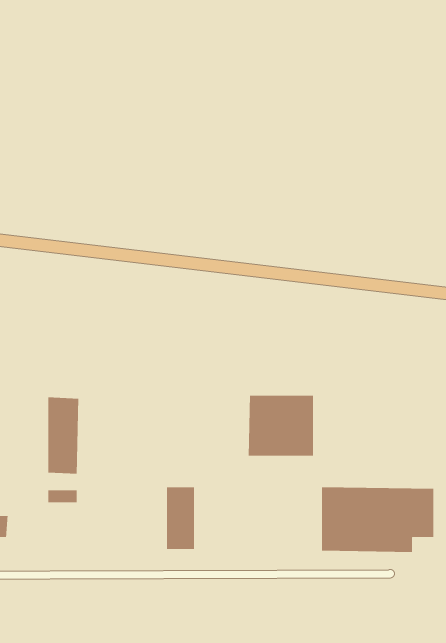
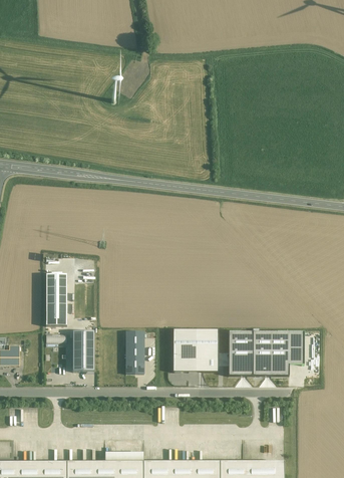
building: [248,395,314,457] -> [173,331,217,373]
building: none -> [72,333,93,372]

